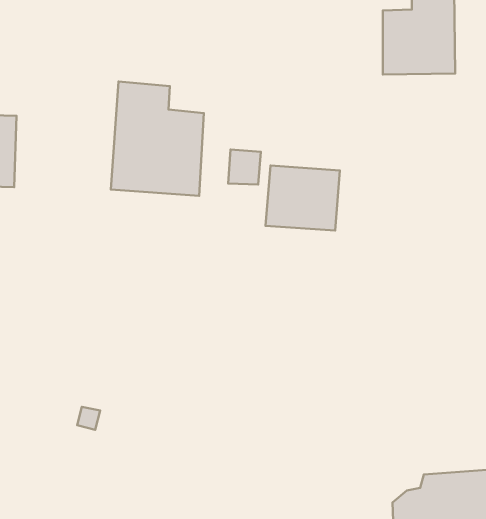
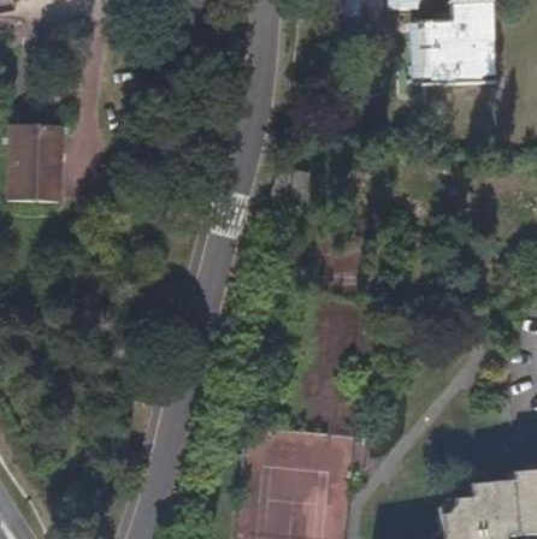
building: [111,82,204,196] -> none
building: [266,166,340,231] -> none

